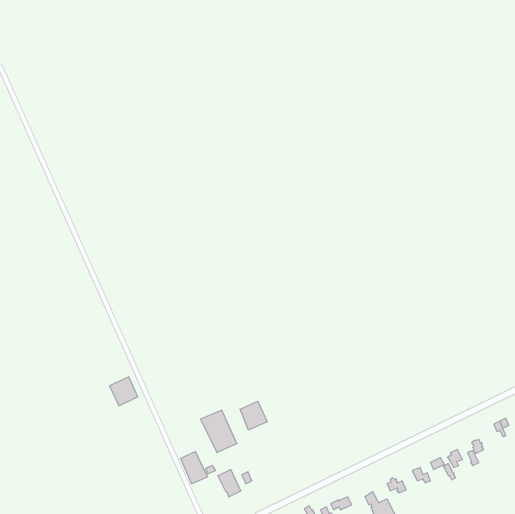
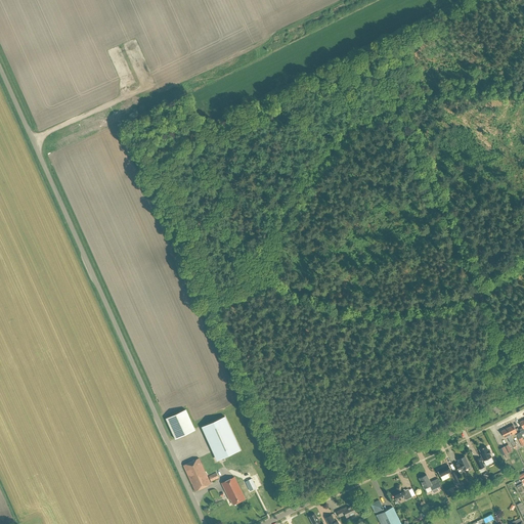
building: [110,377,138,406] -> [166,410,194,440]
building: [240,401,267,430] -> none

